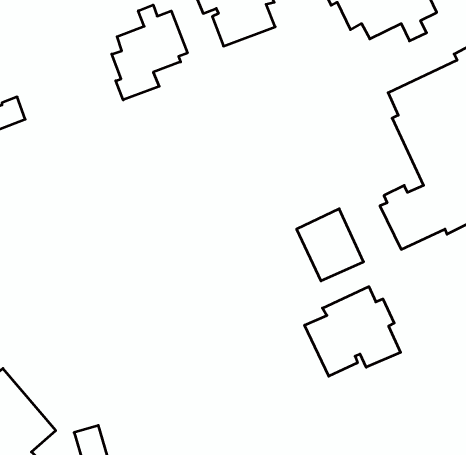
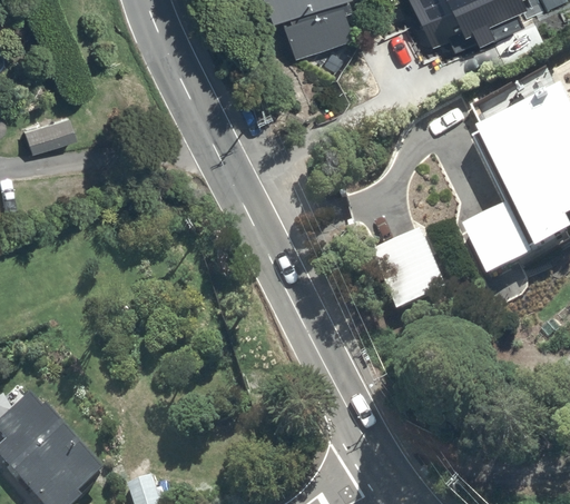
building: [112,5,187,100] -> none
building: [305,287,401,376] -> none

